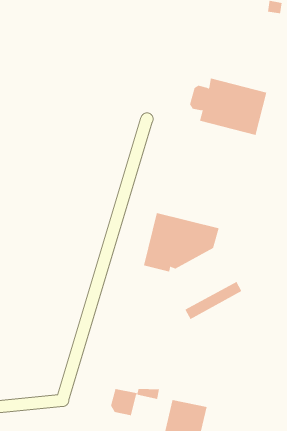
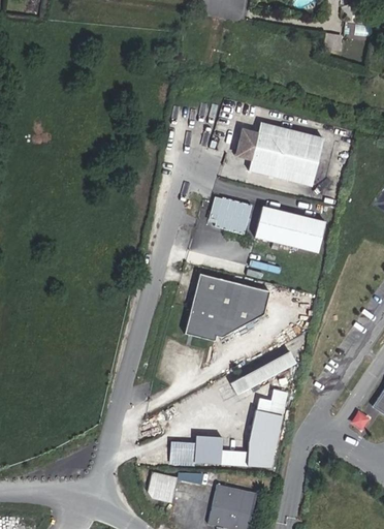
building: none -> [209,196,252,235]
building: none -> [255,205,325,252]
building: none -> [170,387,287,466]

